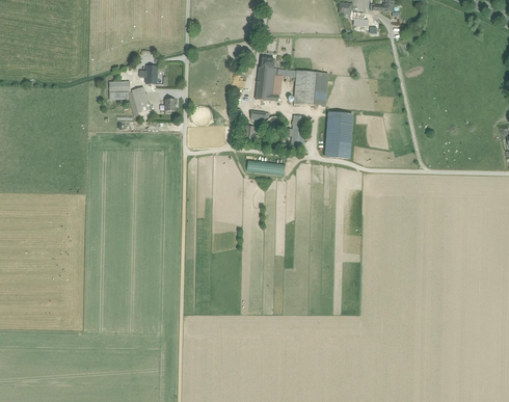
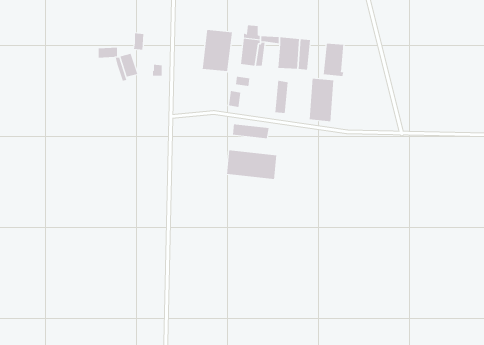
building: none -> [202,29,232,72]
building: none -> [323,43,344,77]
building: none -> [227,149,277,180]

